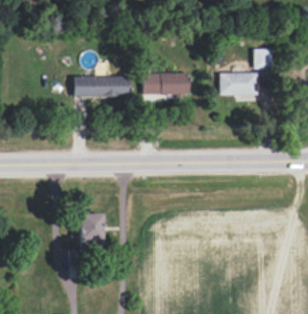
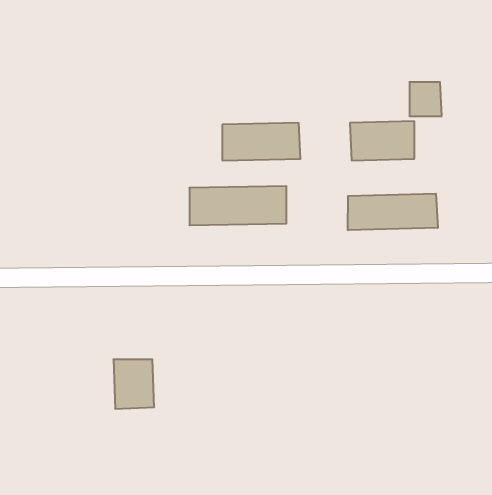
building: [74,75,131,98] -> [189,186,286,225]
building: none -> [348,194,438,230]

